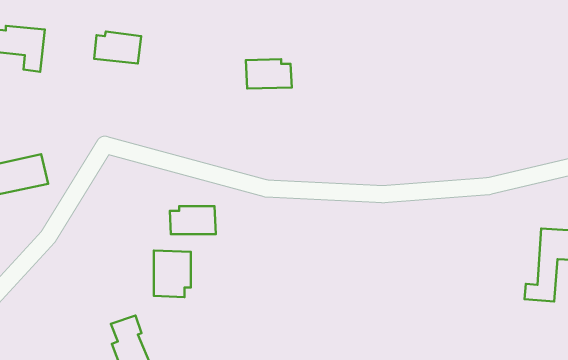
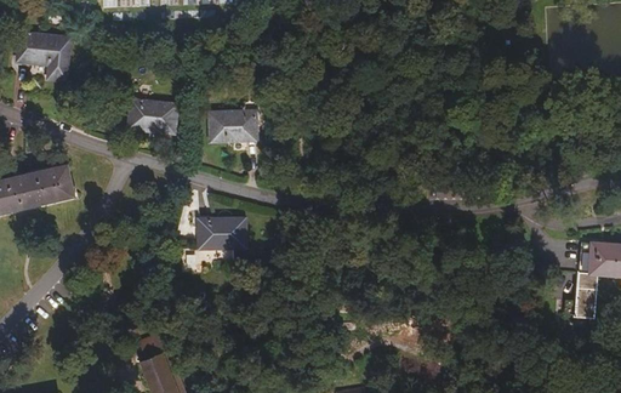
building: [94,32,141,63] -> [130,99,178,132]
building: [246,59,292,89] -> [210,110,257,141]
building: [154,251,191,297] -> none

